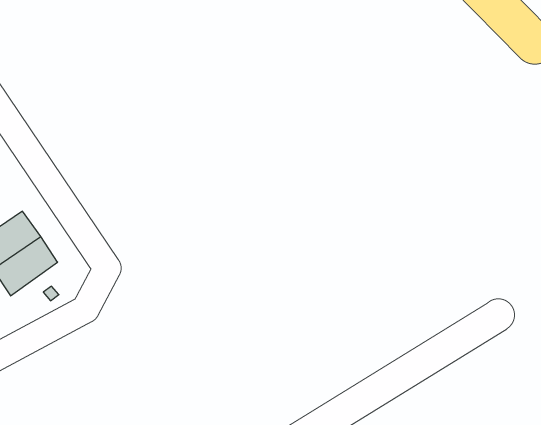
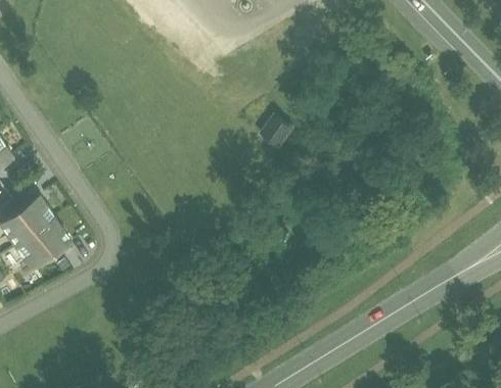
building: none -> [259,112,294,149]

